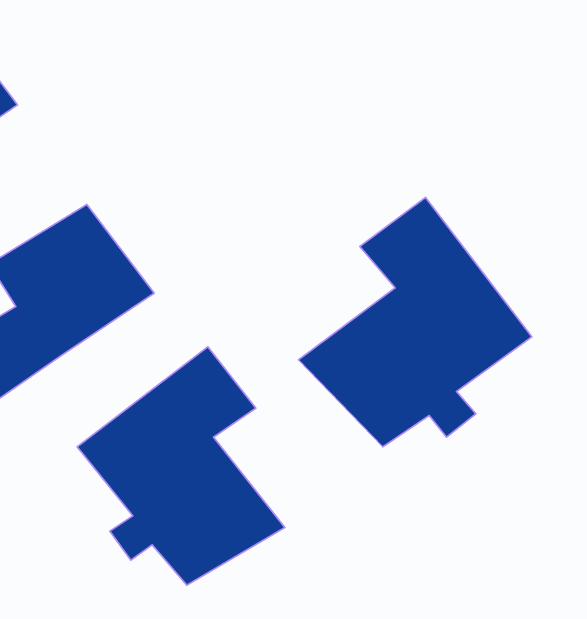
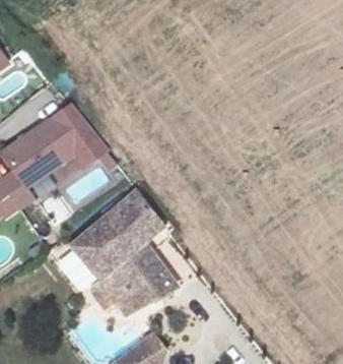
building: [298,197,532,447] -> none

